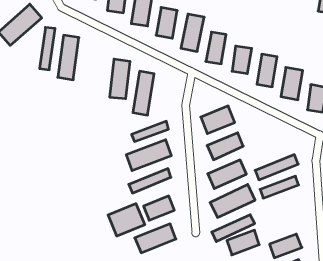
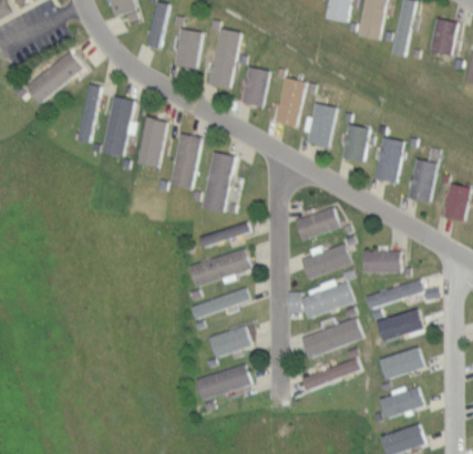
building: none -> [136,117,167,168]
building: none -> [362,250,401,274]
building: [108,204,145,236] -> none
building: [227,230,259,255] -> [380,347,424,379]

